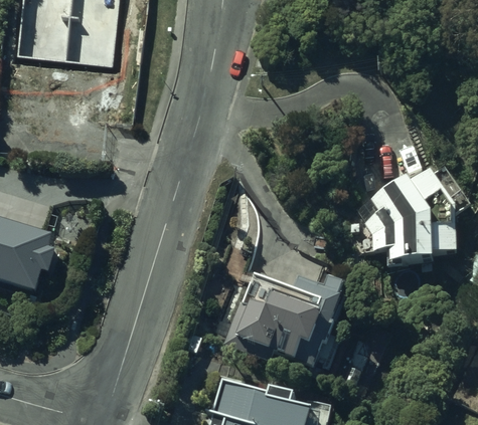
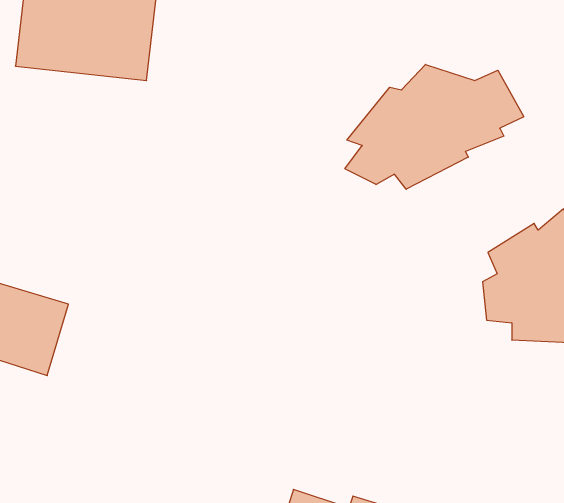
building: none -> [345,64,524,189]
building: [221,269,343,368] -> none

